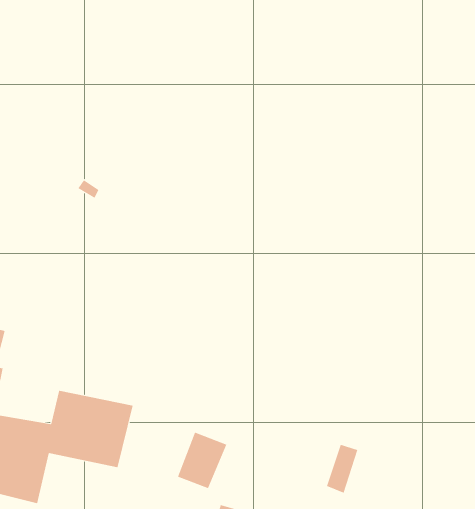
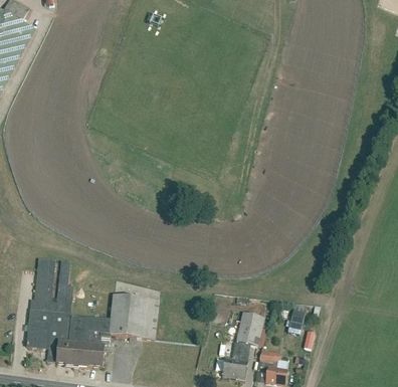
building: [177,432,227,489] -> [233,311,262,346]

